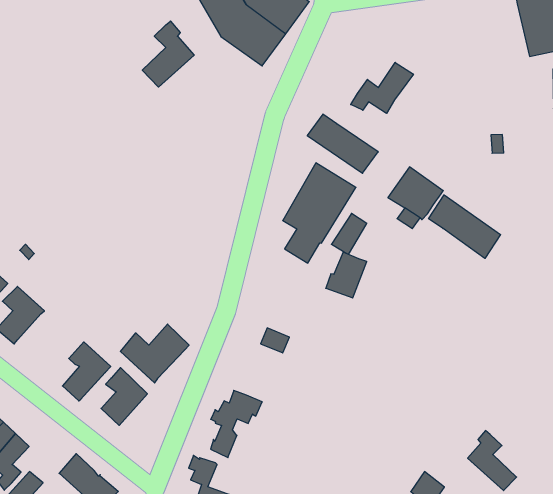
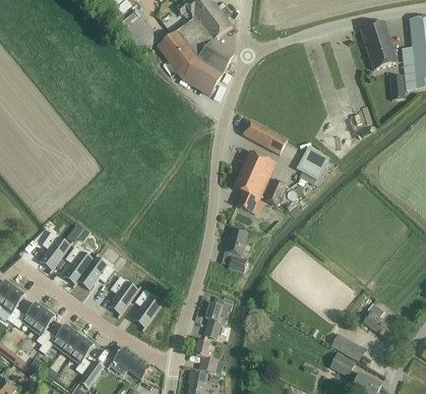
building: [142,21,194,87] -> none
building: [351,62,413,113] -> none
building: [429,195,501,258] -> none
building: [326,252,367,298] -> [225,228,248,256]
building: none -> [79,258,114,288]
building: [120,324,189,383] -> none

